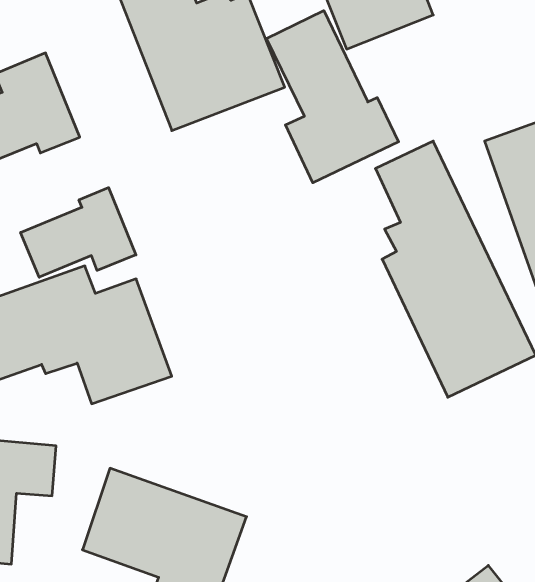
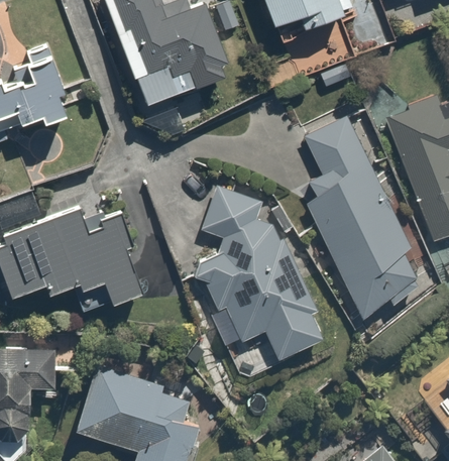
building: [267,11,399,183] -> none
building: [21,188,136,277] -> none
building: none -> [195,189,321,359]

